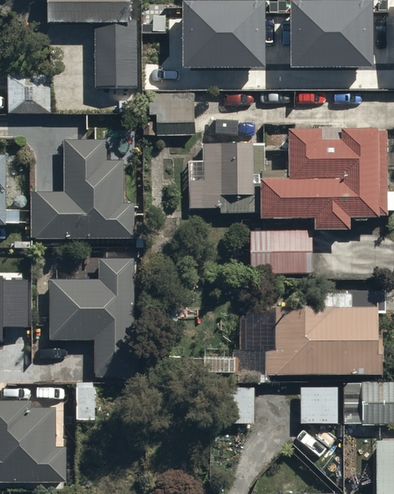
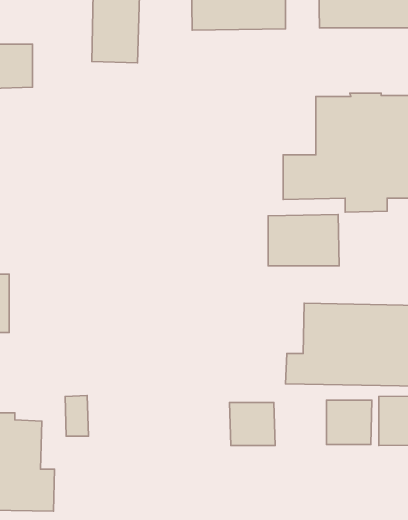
building: [138,93,194,137] -> none
building: [29,142,131,235] -> none
building: [186,144,255,214] -> none
building: [48,256,137,376] -> none

